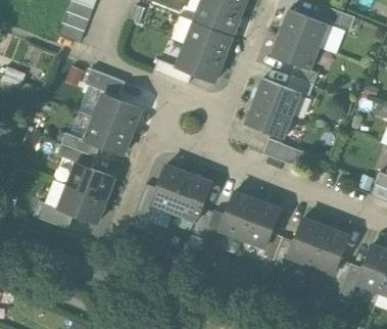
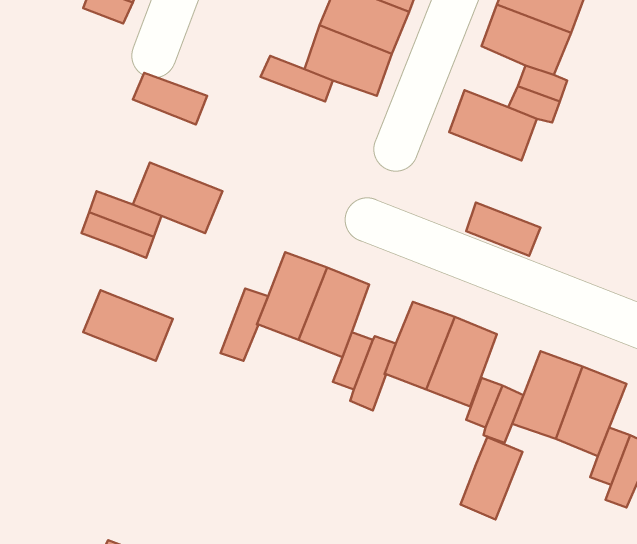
building: [93,95,141,133] -> none
building: [244,101,292,139] -> none
building: [66,162,114,201] -> none
building: [33,201,72,230] -> none
building: none -> [460,437,522,520]

